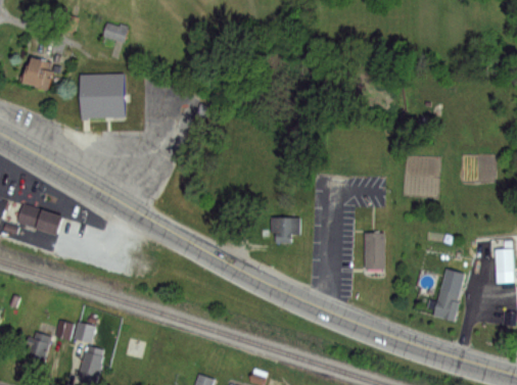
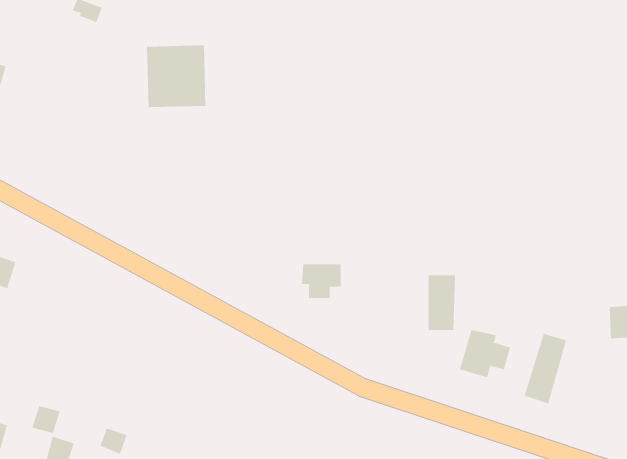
building: [81,76,125,122] -> [146,45,206,108]
building: none -> [459,329,511,378]

